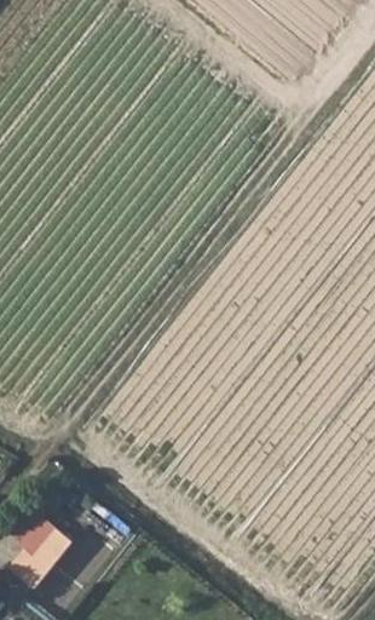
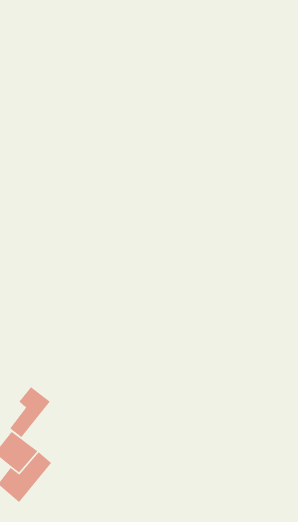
building: none -> [9,386,51,438]

